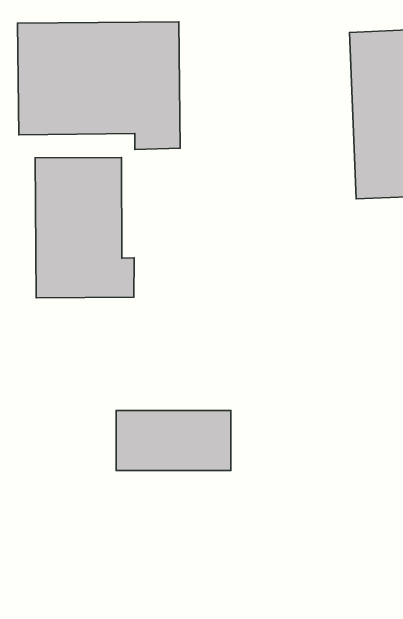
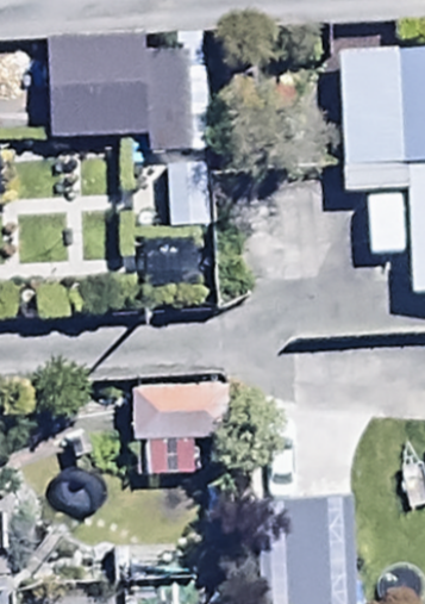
building: [35,157,134,298] -> none

